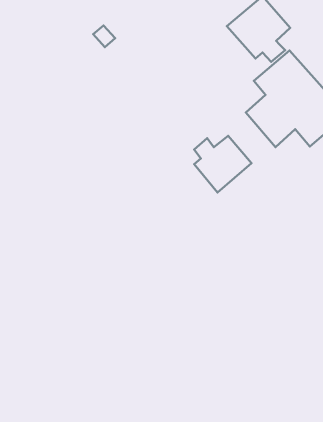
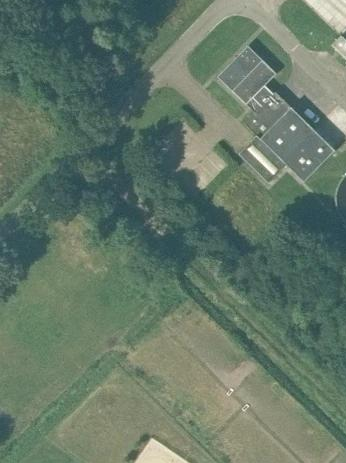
building: [194,136,252,192] -> none

